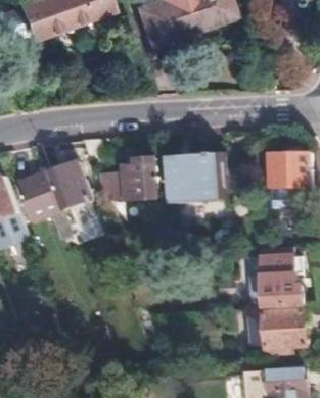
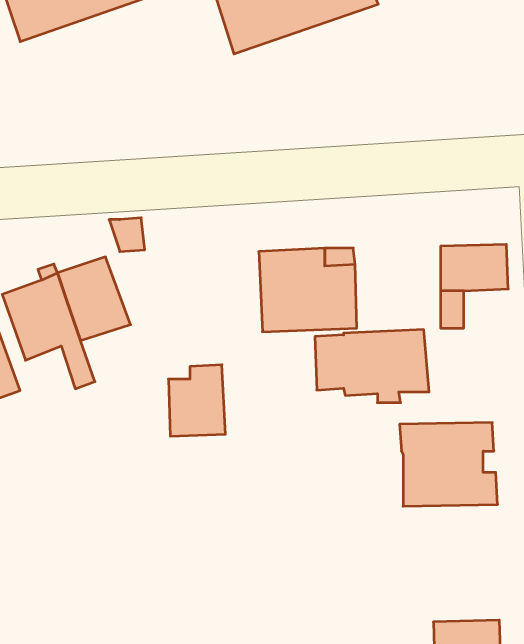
building: [124,156,156,197] -> [168,365,225,436]
building: [240,311,306,353] -> [315,330,429,403]

